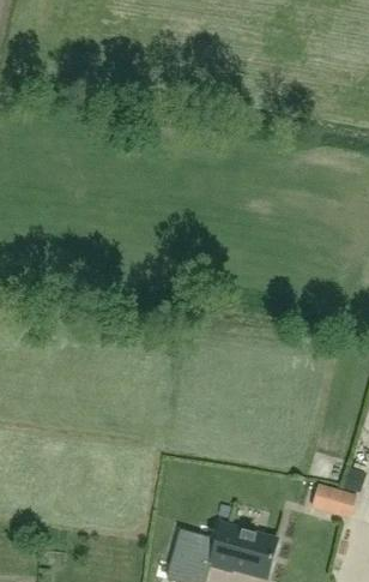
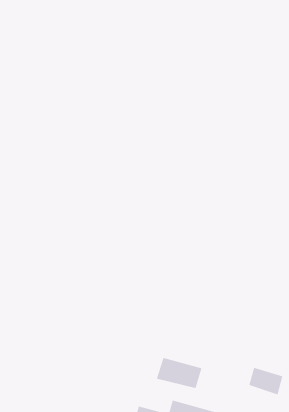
building: none -> [156,357,202,389]

